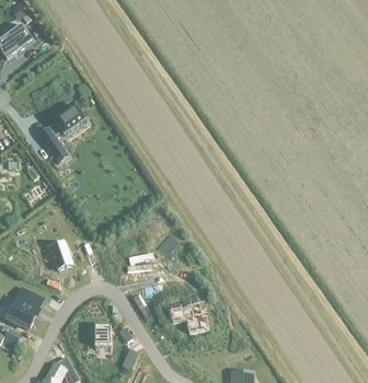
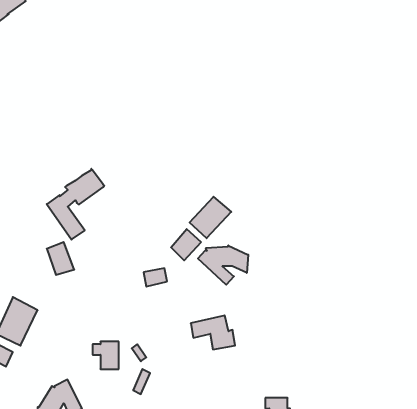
building: [37,104,85,163] -> [47,169,104,240]
building: none -> [190,197,231,238]
building: none -> [198,245,248,285]

